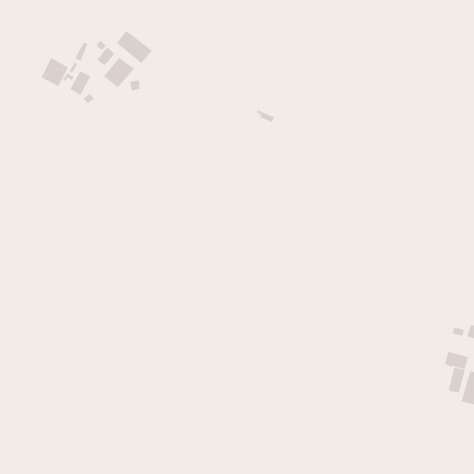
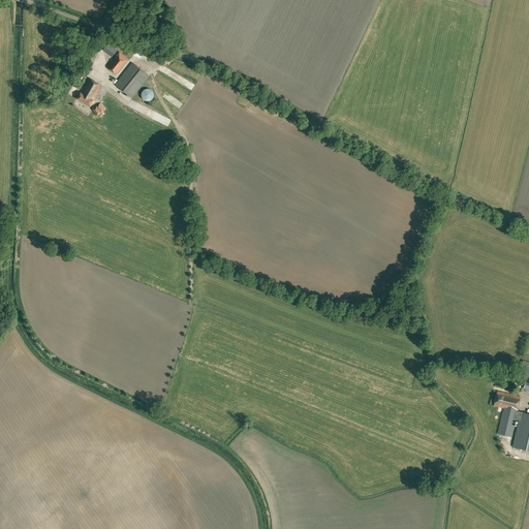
building: [116,30,153,64] -> none
building: [41,57,69,87] -> none

